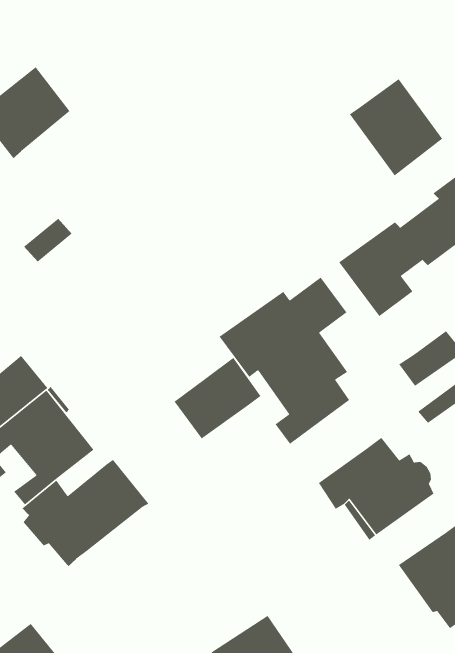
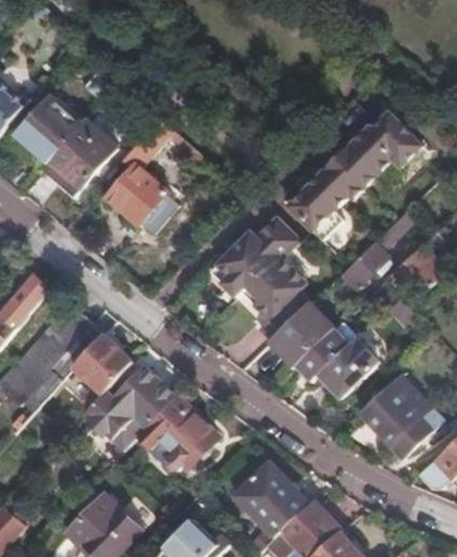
building: [349,78,443,176] -> none
building: none -> [50,121,116,187]
building: none -> [104,117,173,224]
building: [173,357,262,439] -> [271,301,333,363]
building: none -> [138,396,219,472]

